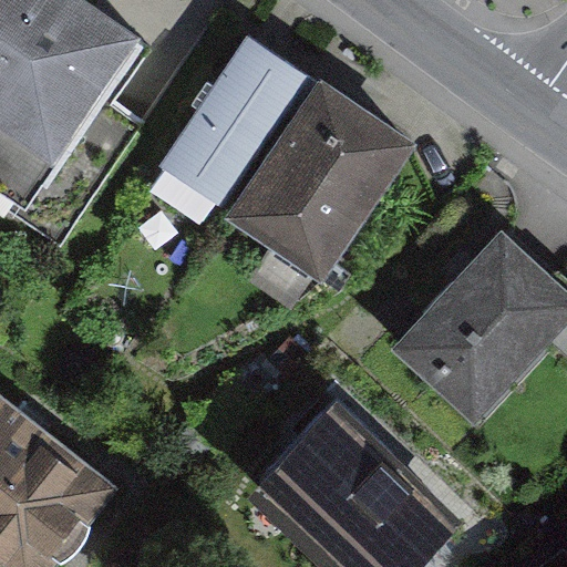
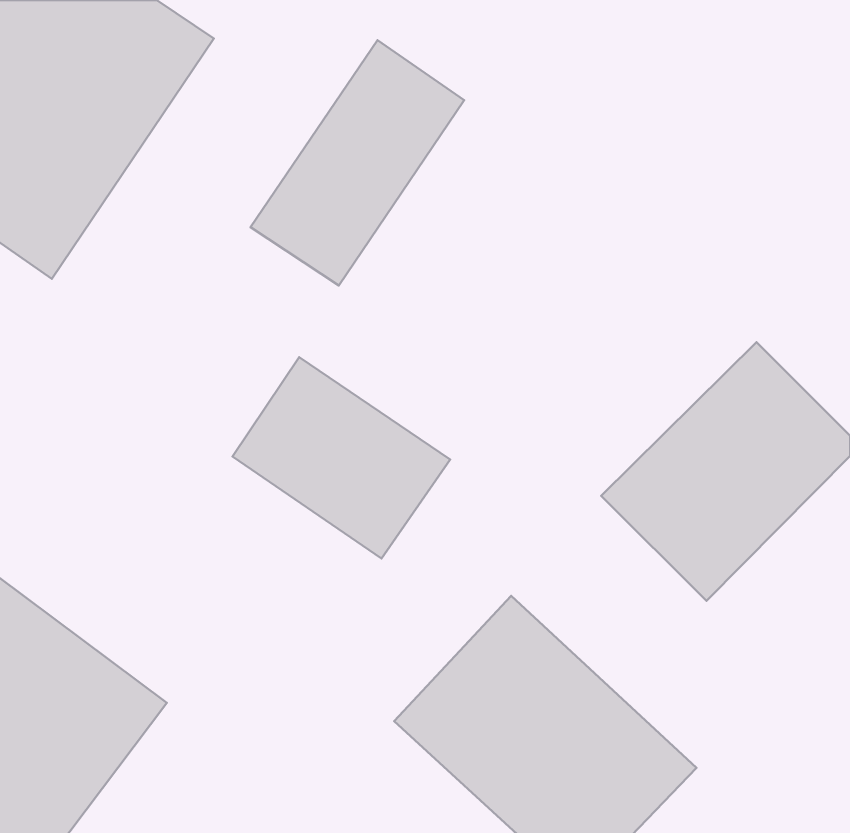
building: [225,80,399,264] -> none
building: none -> [232,357,450,558]

